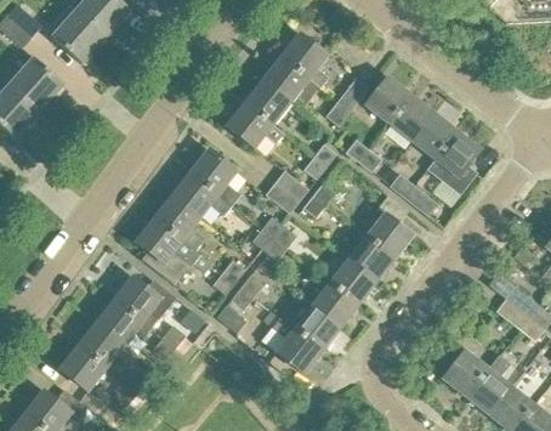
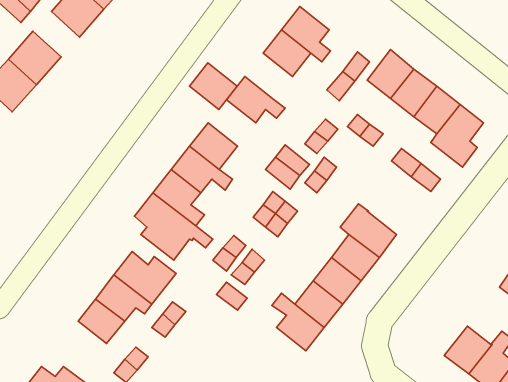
building: [244,78,291,124] -> [189,63,237,109]
building: [365,194,414,257] -> none
building: [59,344,107,390] -> none

